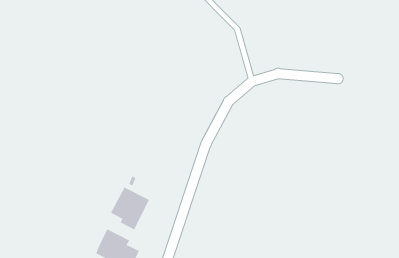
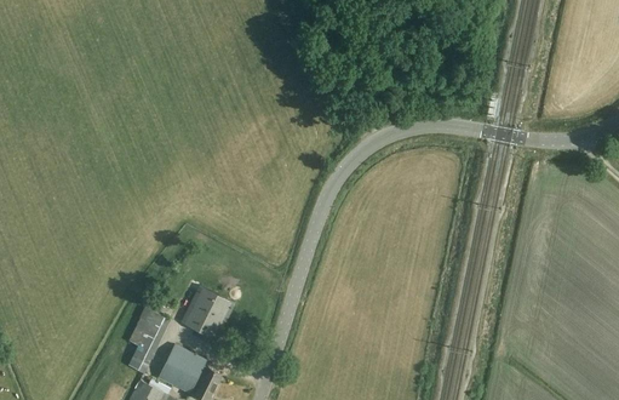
building: none -> [130,310,164,361]

